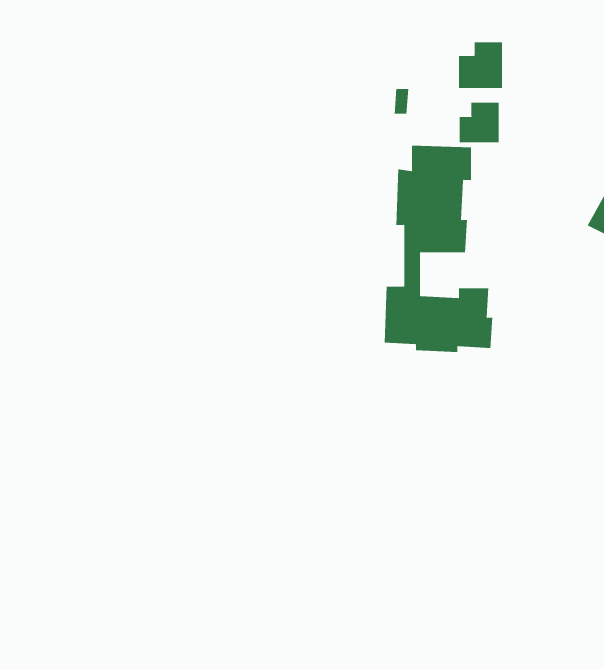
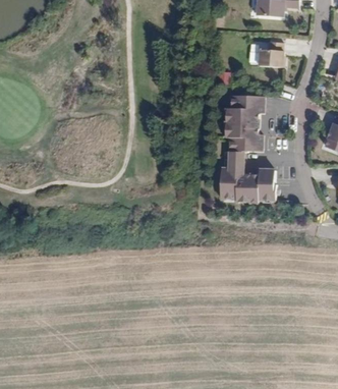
building: [459,102,499,143] -> none

